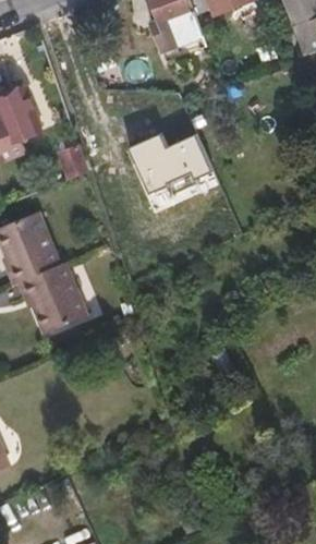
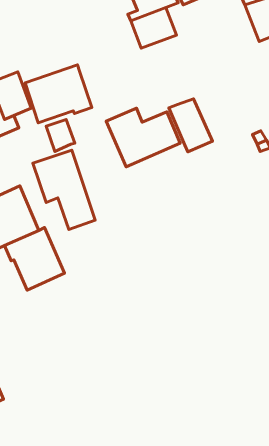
building: none -> [25,65,92,123]
building: none -> [169,99,213,152]
building: none -> [33,150,95,230]

